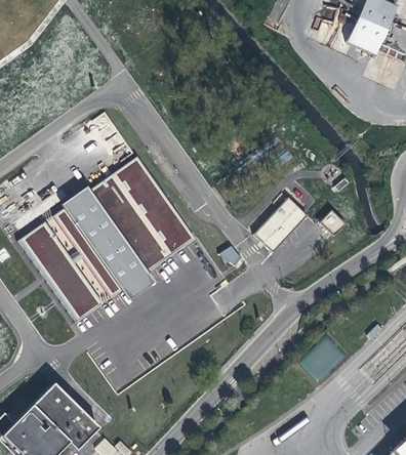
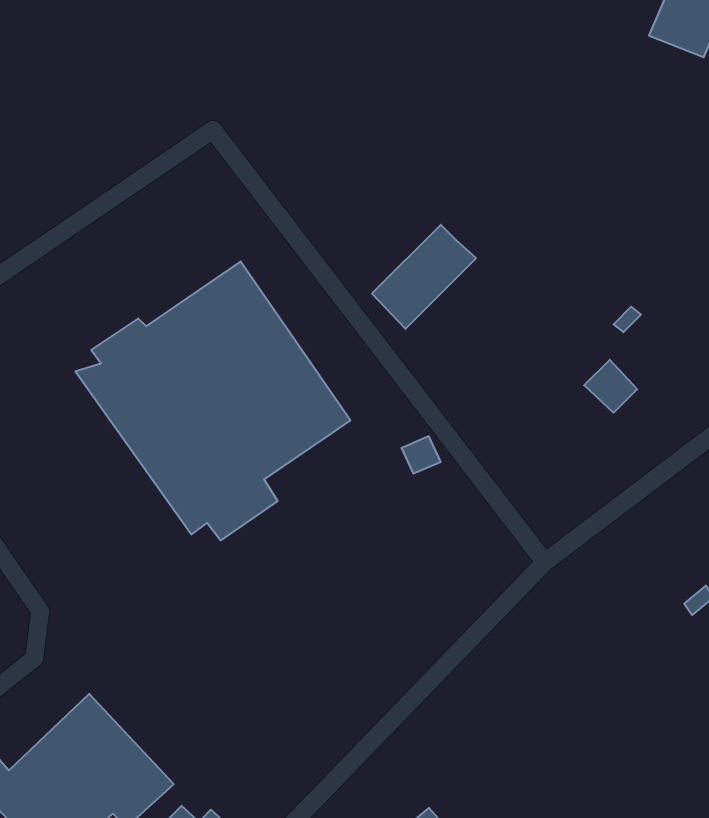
building: [252,199,307,253] -> [372,225,476,329]
building: [18,224,99,321] -> none

